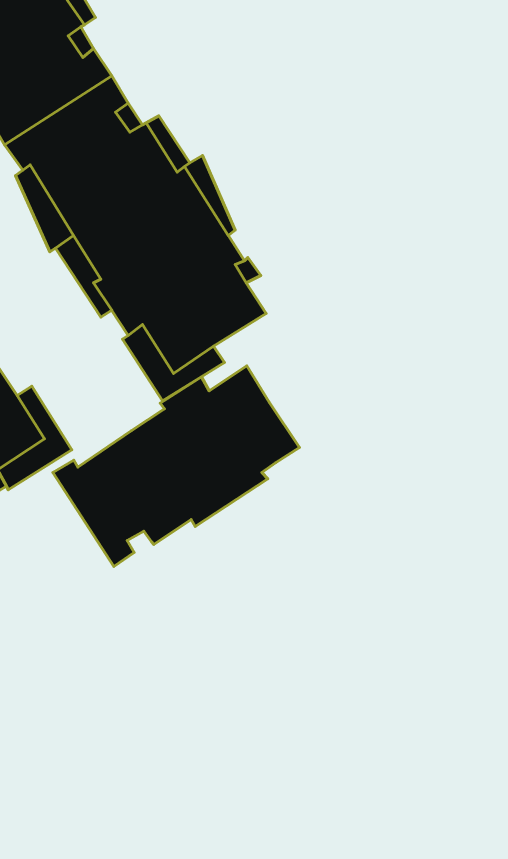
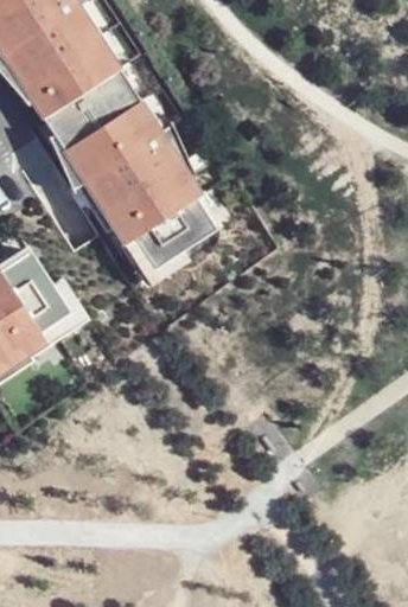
building: [53,366,299,567] -> none

